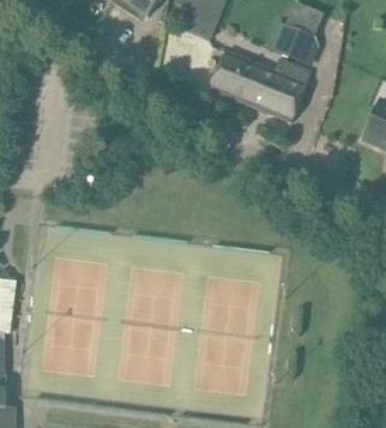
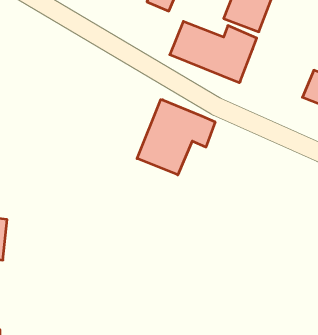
building: none -> [137,100,215,175]

